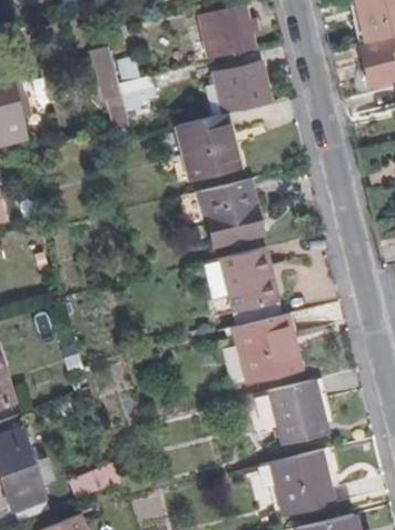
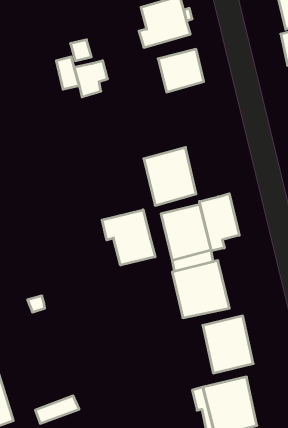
building: [176,117,236,182] -> none
building: none -> [199,194,239,251]
building: none -> [102,210,155,265]

